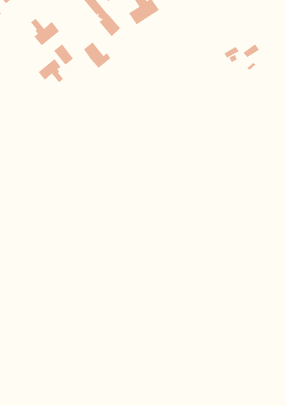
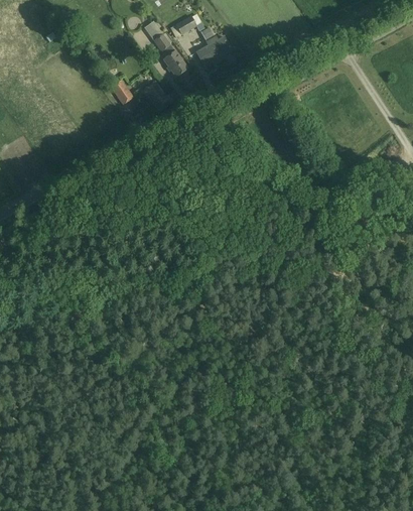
building: [30,18,60,46] -> none
building: [38,58,64,83] -> none

